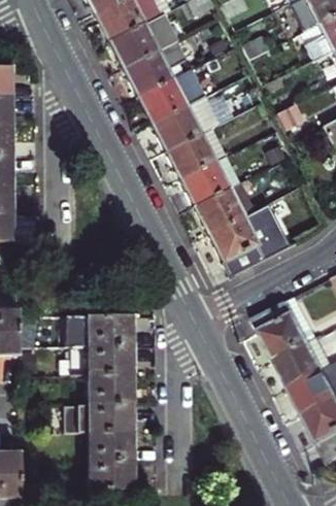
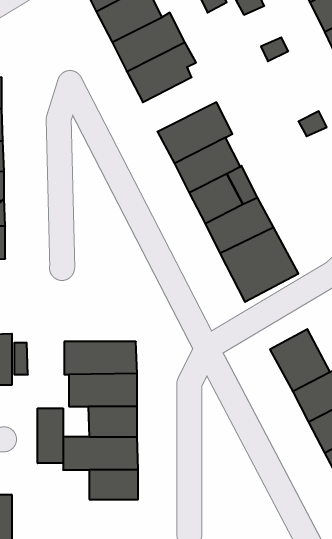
building: [138,68,205,122] -> none
building: none -> [38,408,63,463]
building: [90,456,134,482] -> none

